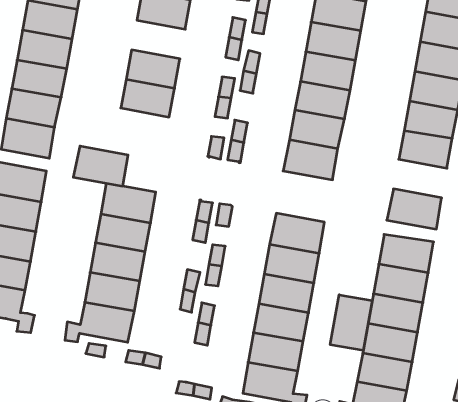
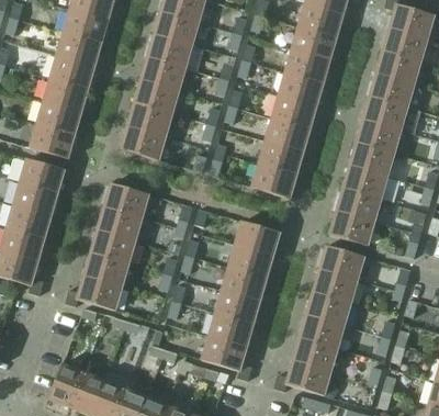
building: none -> [142,57,185,91]
building: [73,146,128,186] -> [121,125,166,160]
building: none -> [337,188,381,222]
building: [330,295,372,351] -> none

